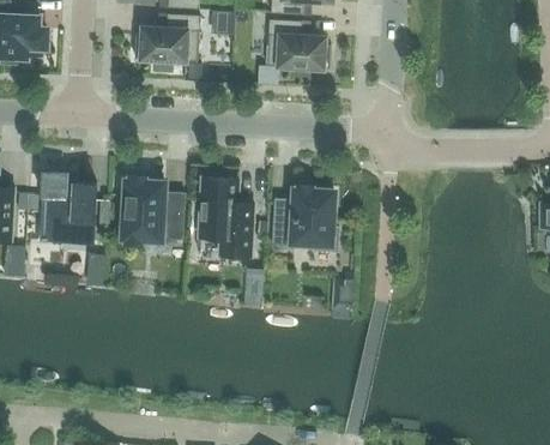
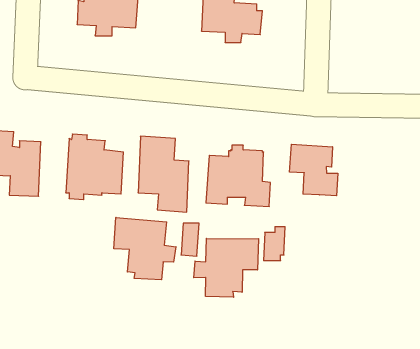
building: none -> [290,144,338,196]
building: none -> [114,217,176,280]
building: none -> [194,238,259,297]

